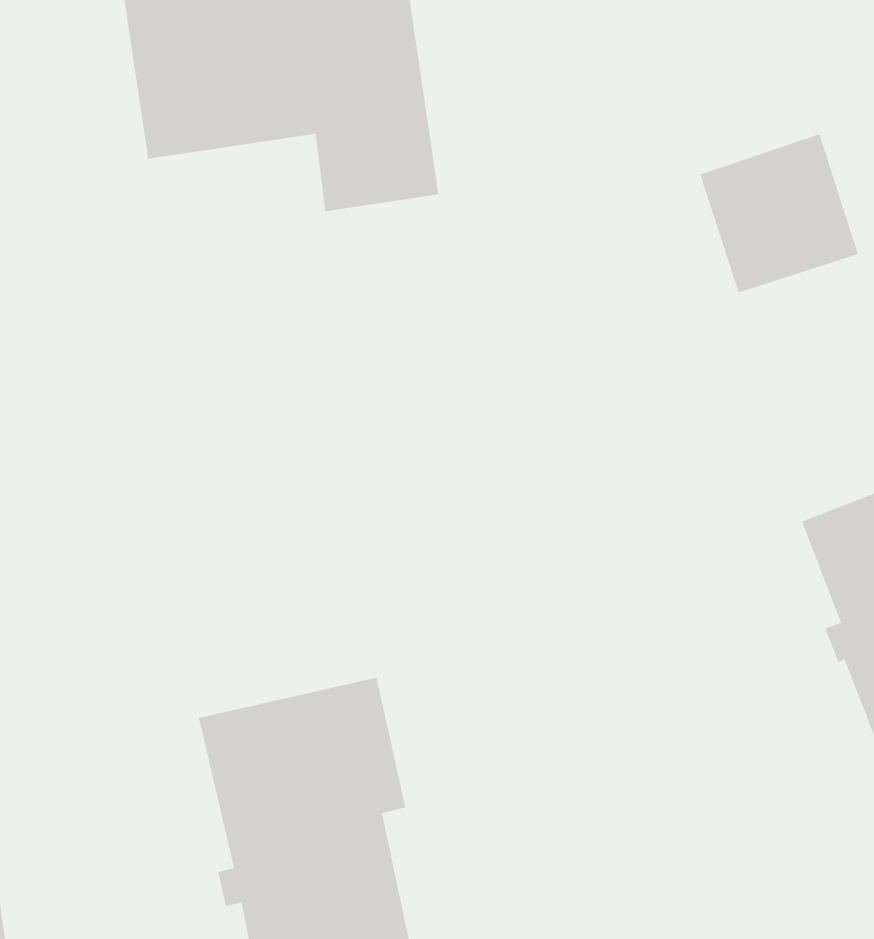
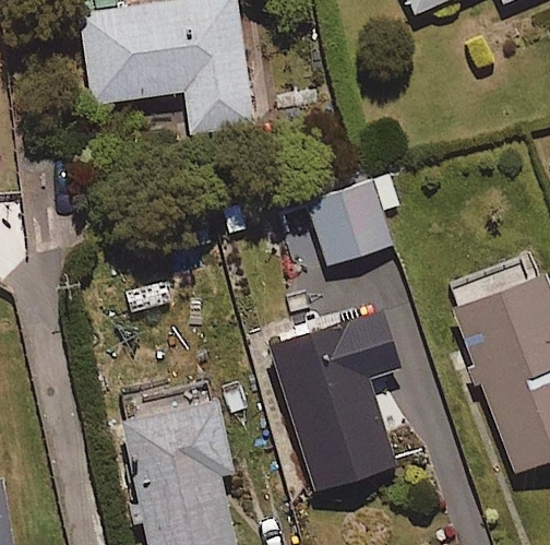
building: [699,134,859,293] -> [306,178,395,268]
building: none -> [267,306,404,490]

